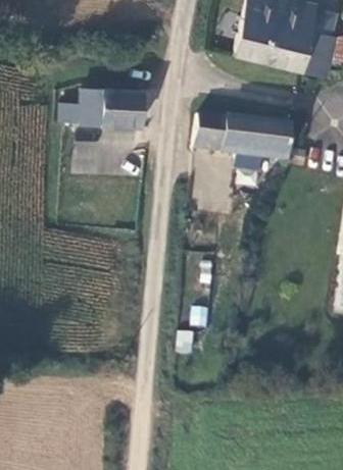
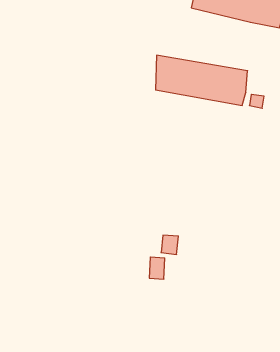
building: [76,84,136,119] -> none

